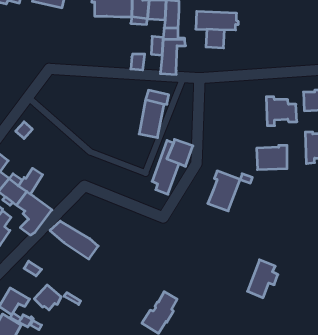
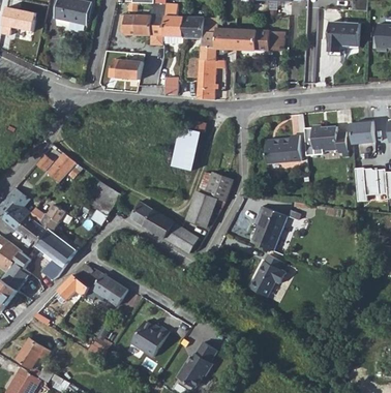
building: none -> [328,23,360,53]
building: [206,29,224,48] -> [216,29,237,50]
building: none -> [109,60,143,81]
building: none -> [48,153,78,183]
building: [257,145,287,170] -> [267,134,301,161]
building: none -> [85,182,119,215]
building: none -> [131,202,199,254]
building: [247,260,278,298] -> [252,256,287,299]
building: none -> [130,321,169,356]
building: [34,285,61,310] -> [59,274,89,302]

